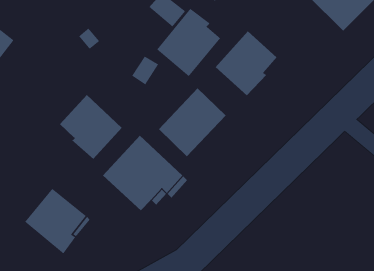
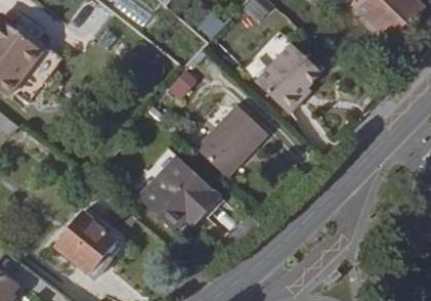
building: [156,8,221,77] -> none
building: [59,94,123,160] -> none

